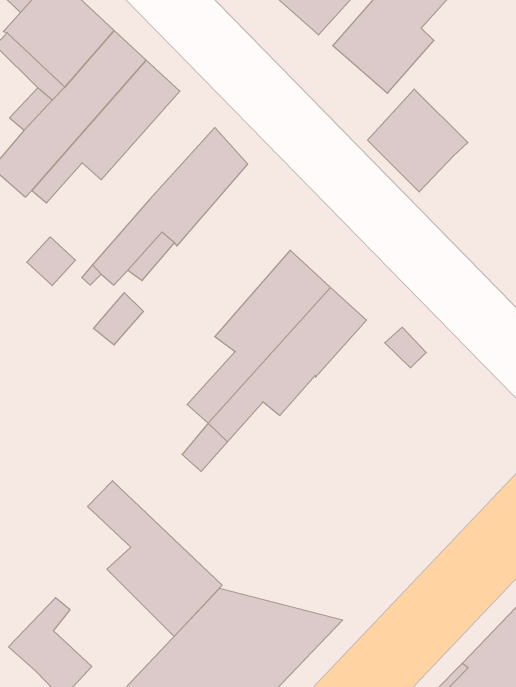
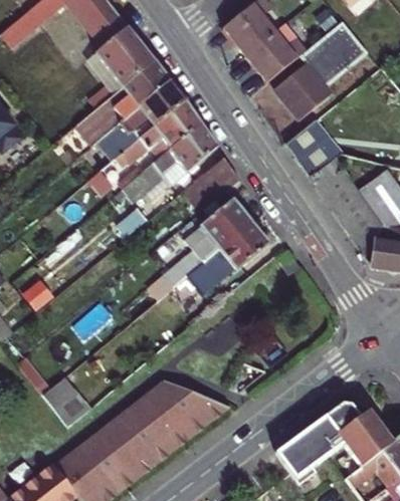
building: none -> [120,100,201,166]
building: none -> [182,157,238,213]
building: [88,481,222,636] -> none

